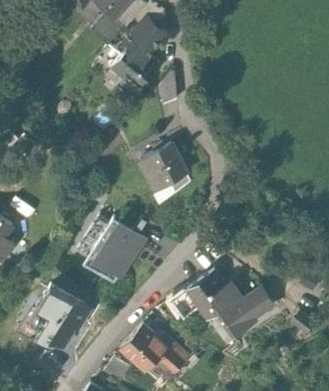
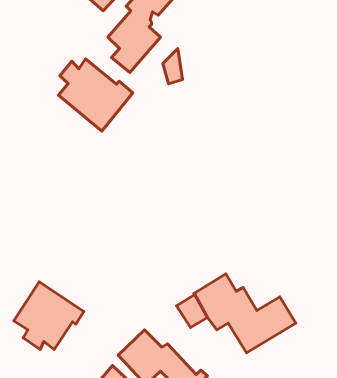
building: none -> [58,59,133,131]
building: [141,146,186,191] -> none
building: [78,216,144,280] -> none

